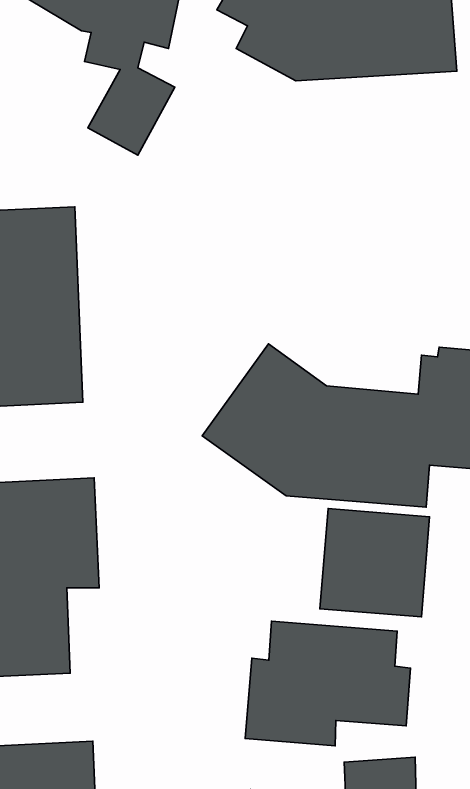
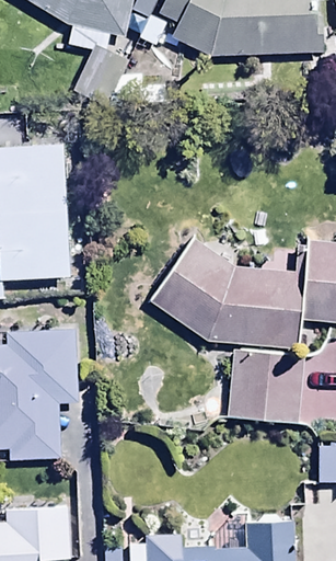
building: [245,621,411,746] -> none

